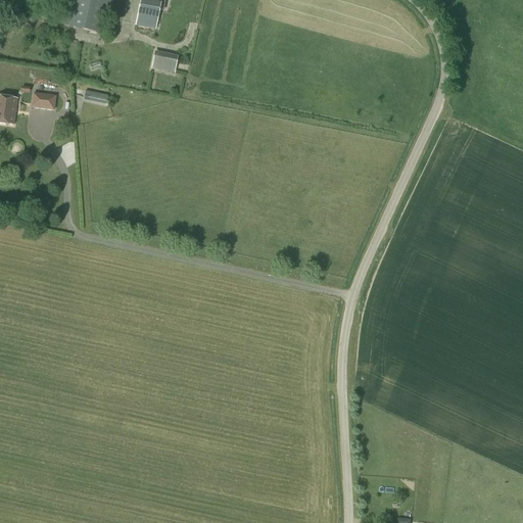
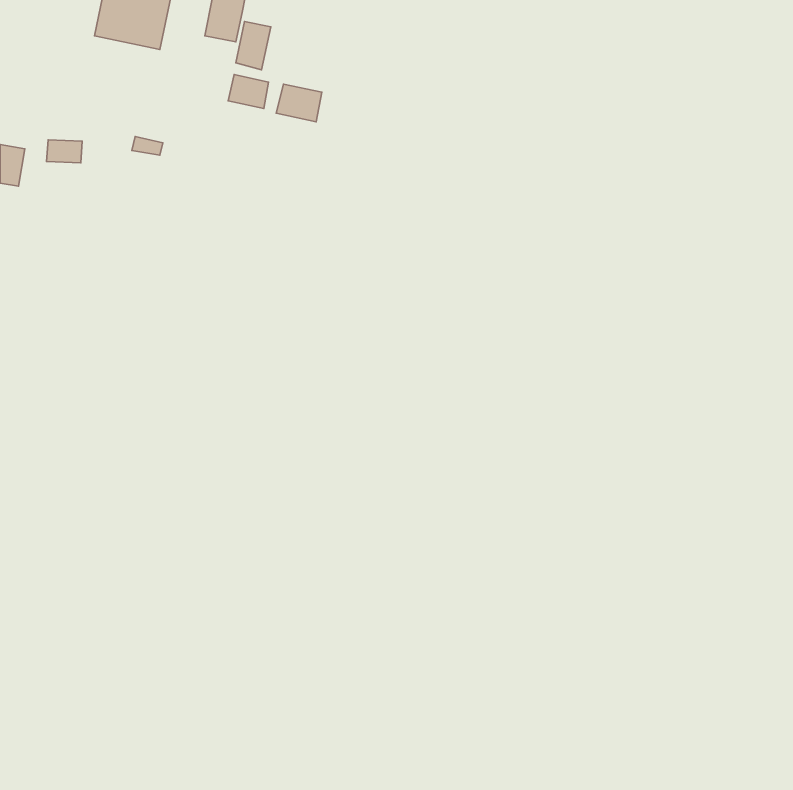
building: none -> [236,22,271,70]
building: none -> [276,84,322,122]

